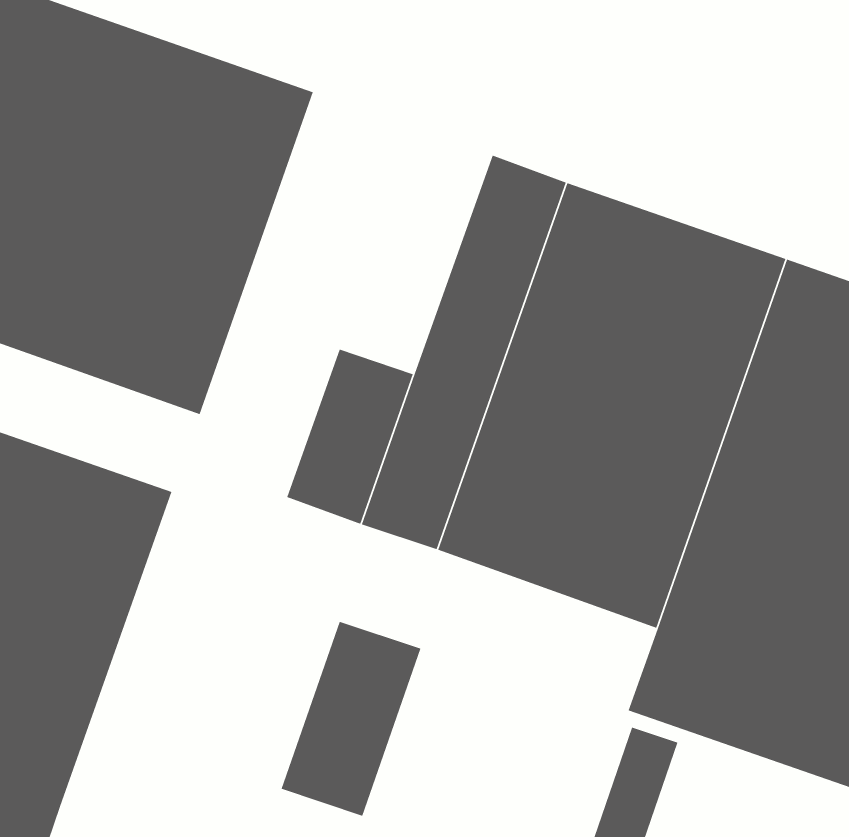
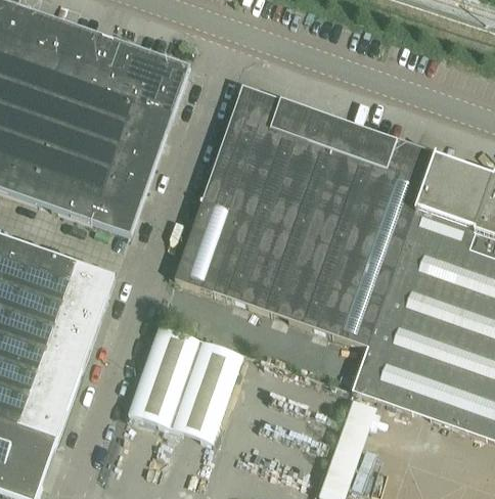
building: none -> [202,84,282,213]
building: none -> [128,326,202,429]

